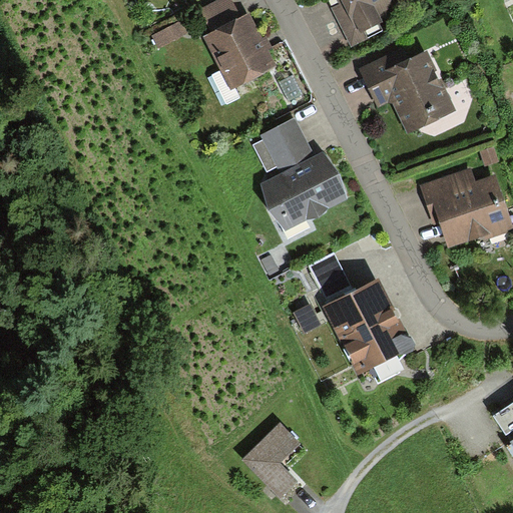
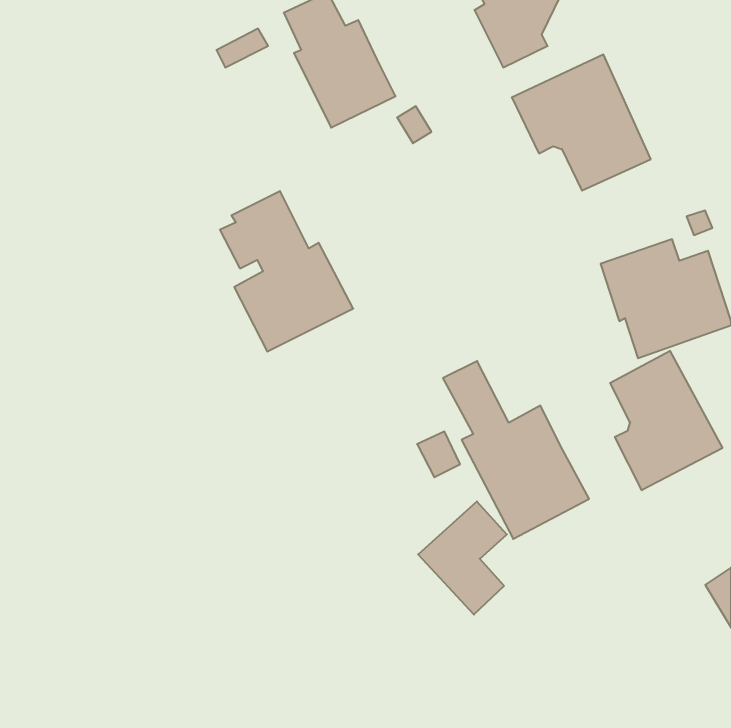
building: [252,117,346,229] -> [220,191,353,352]
building: none -> [610,351,722,490]
building: [238,416,301,495] -> [418,501,507,615]

